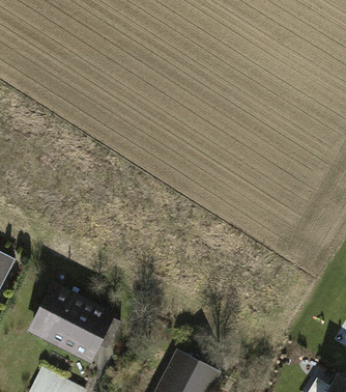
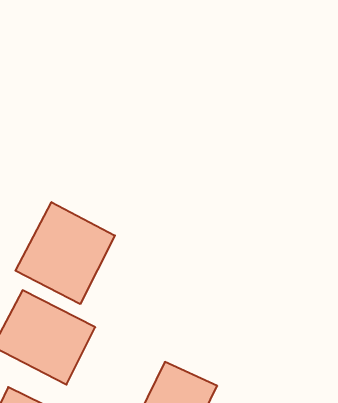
building: none -> [15,202,115,304]

